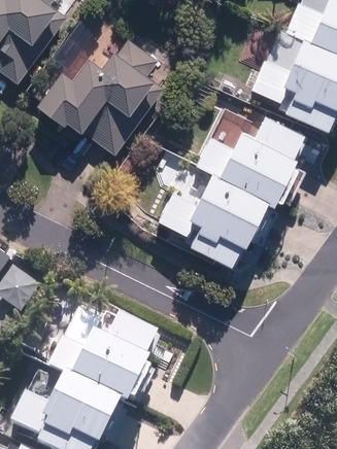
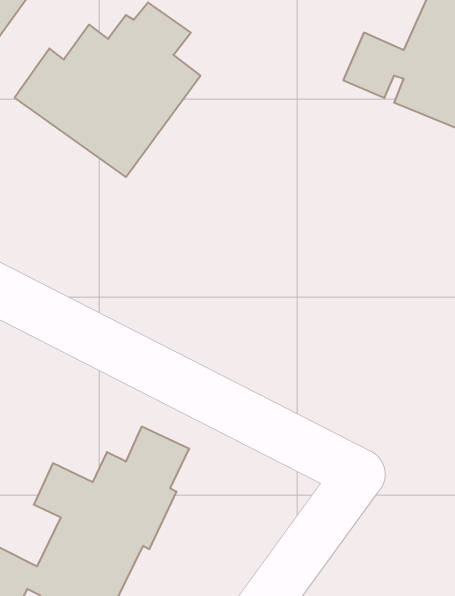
building: [160,111,300,252] -> none

